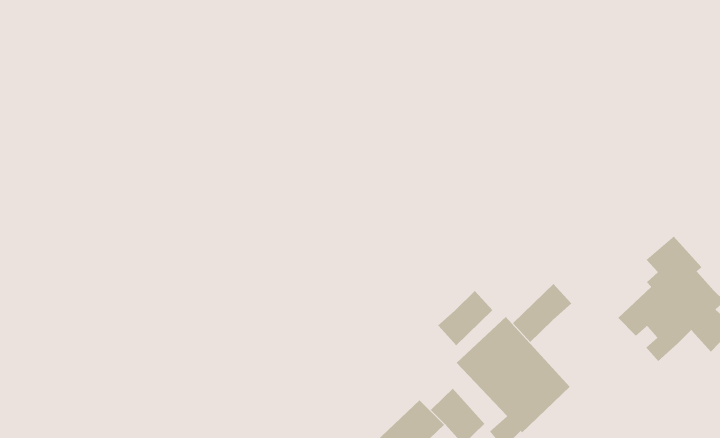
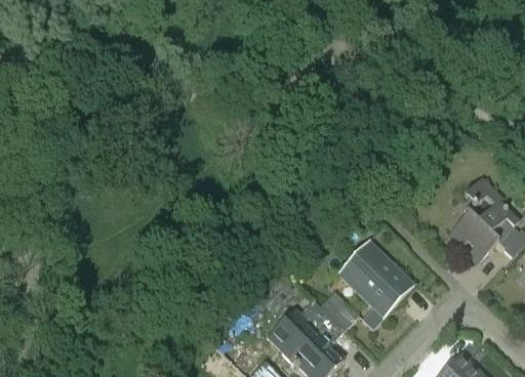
building: [512,283,585,343] -> none
building: [425,290,493,346] -> none

